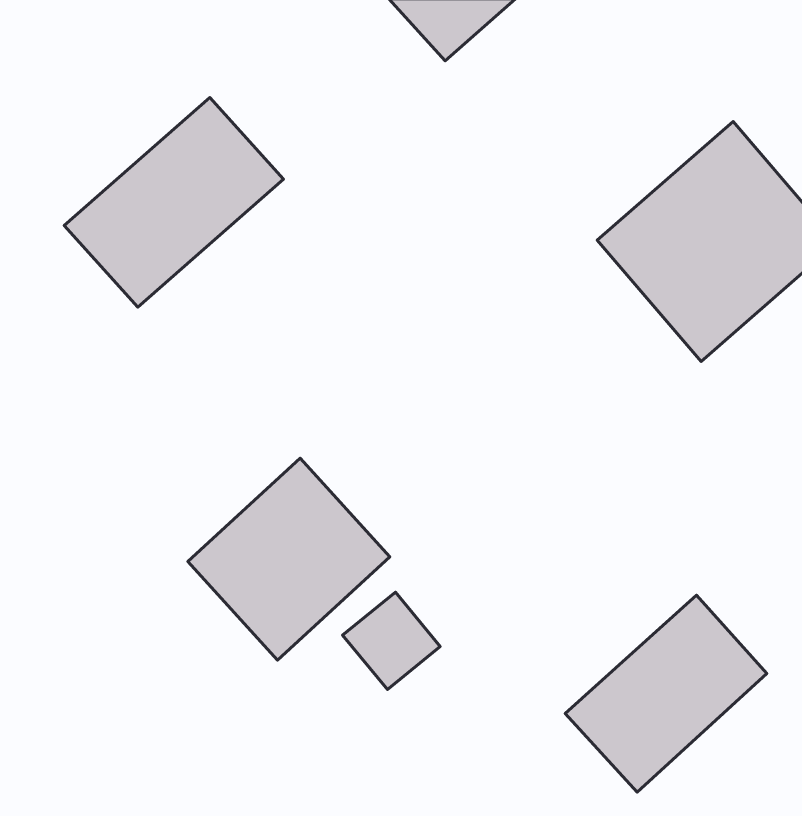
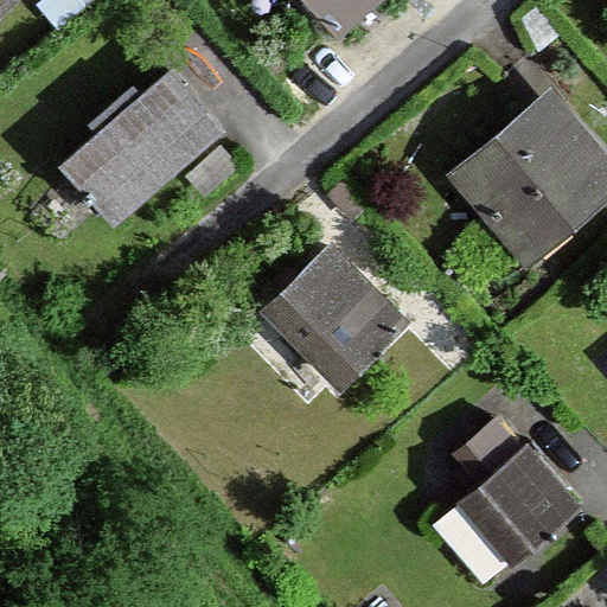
building: none -> [258,241,405,388]
building: [188,458,390,660] -> none

